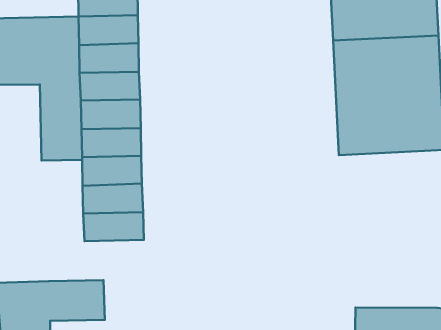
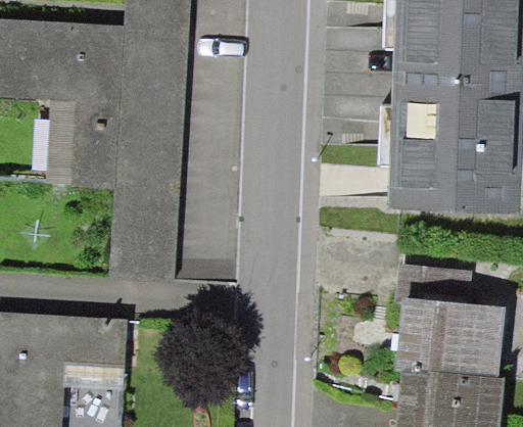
building: none -> [394,272,495,384]

